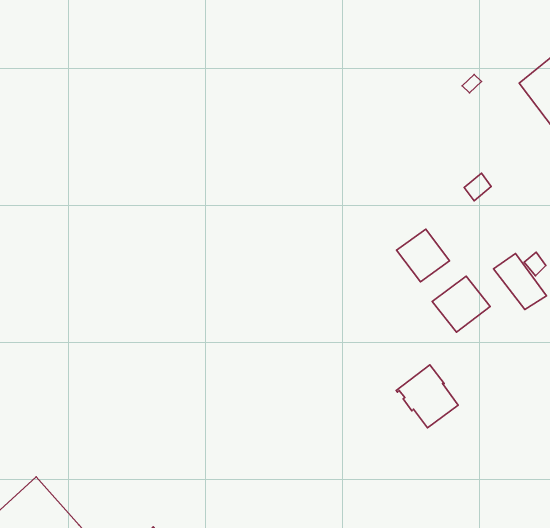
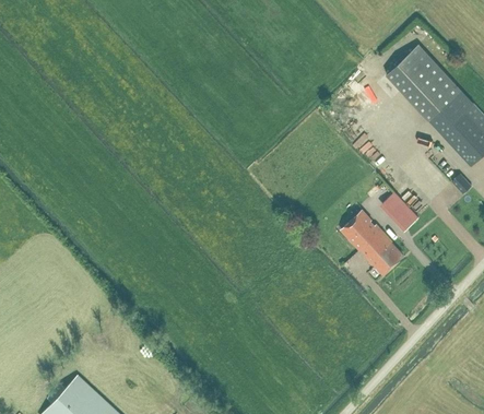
building: [397,229,450,282] -> none
building: [396,365,458,428] -> [358,229,402,273]

